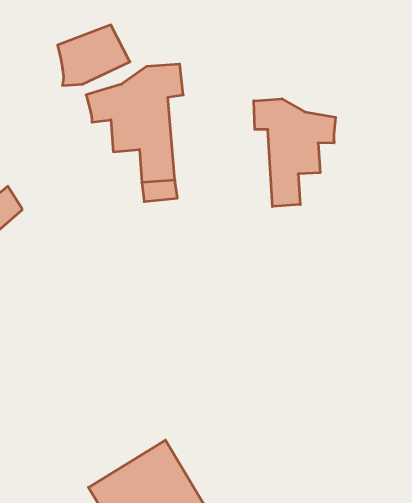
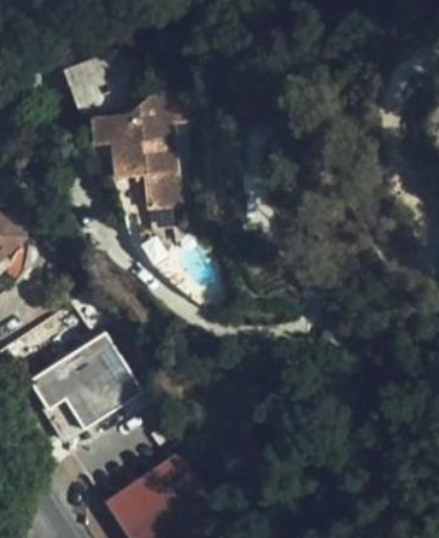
building: [254,99,336,207] -> none
building: none -> [18,333,141,451]

